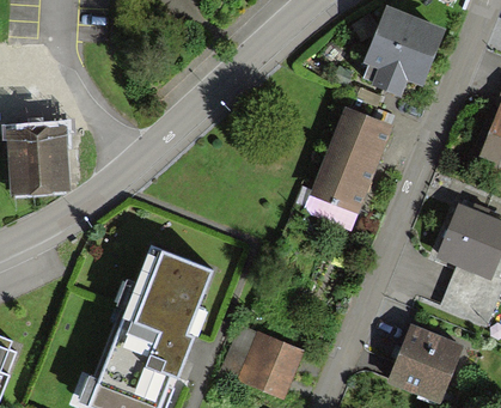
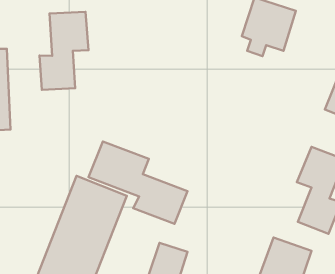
building: none -> [40,12,89,90]
building: [311,110,385,224] -> none
building: none -> [89,142,187,224]

